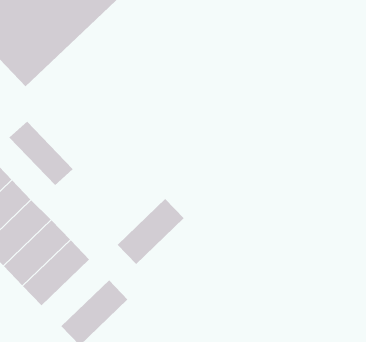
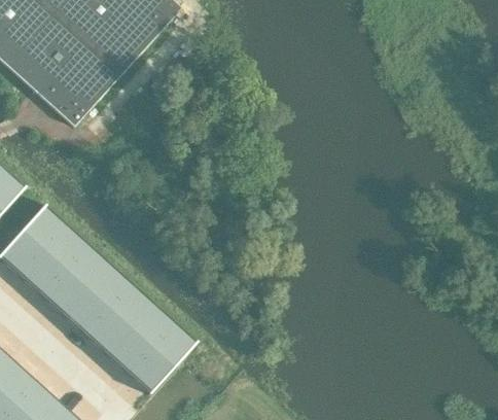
building: [9,121,74,186] -> none
building: [117,198,184,265] -> [106,303,175,375]

